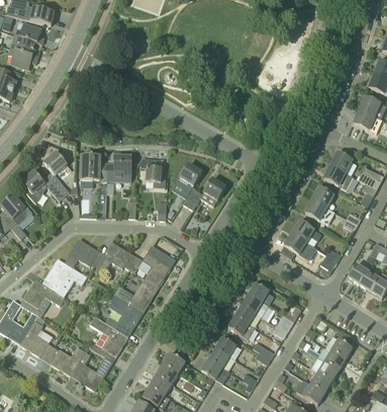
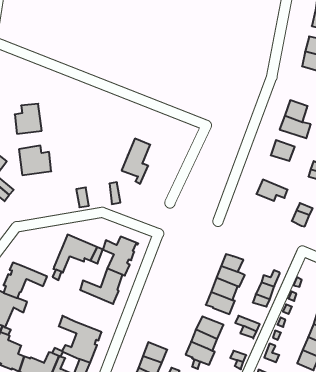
building: [107,155,131,181] -> [15,104,42,134]
building: [141,158,166,187] -> none
building: [187,177,225,210] -> none
building: [304,199,335,225] -> none
building: [284,233,315,259] -> none
building: [65,238,104,268] -> none
building: [105,294,143,335] -> none

